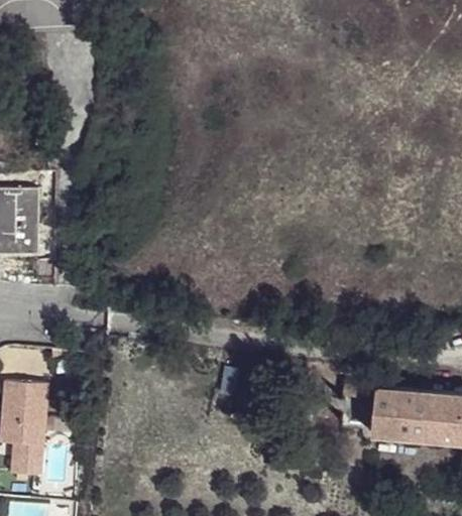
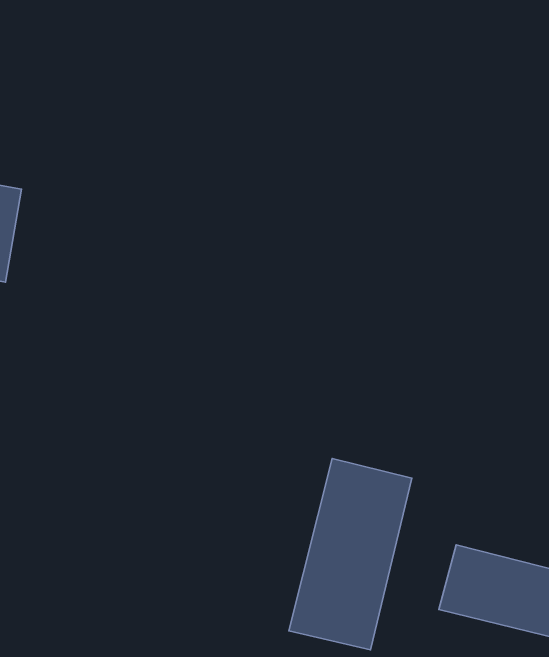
building: none -> [289,458,412,650]

